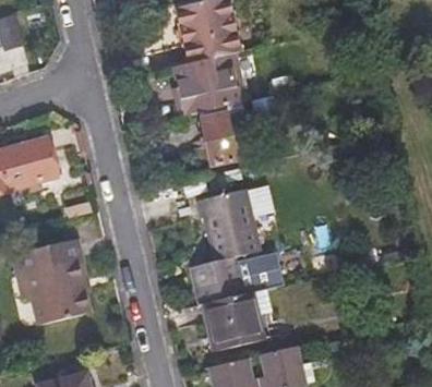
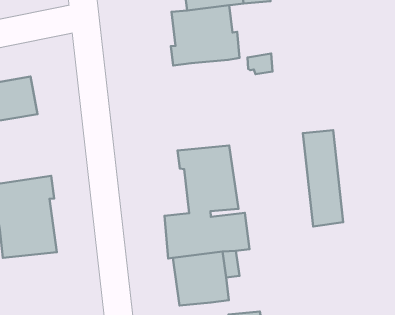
building: [199,101,245,166] -> none
building: none -> [303,130,343,227]

